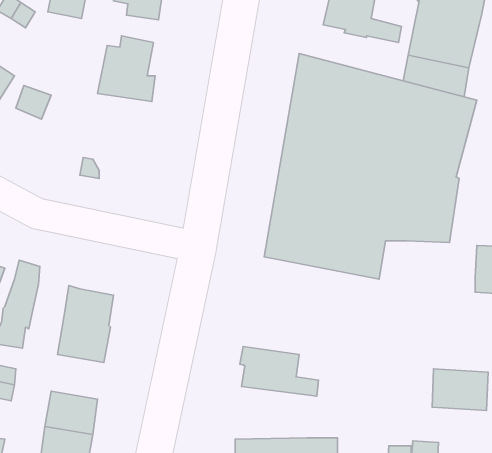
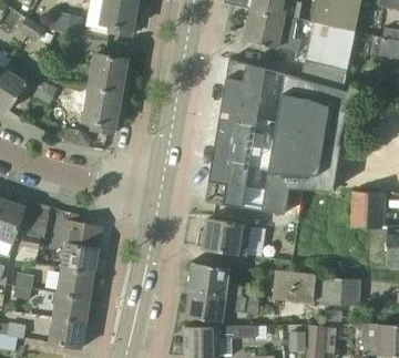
building: none -> [83,86,126,133]
building: none -> [196,218,250,254]
building: none -> [57,267,93,298]
building: none -> [273,269,315,301]
building: none -> [185,289,259,320]

